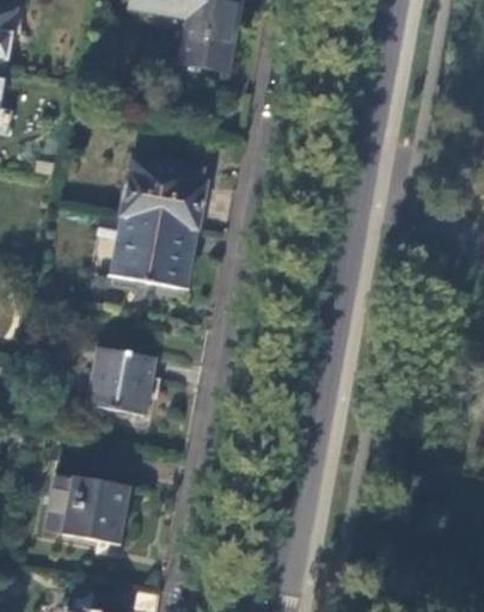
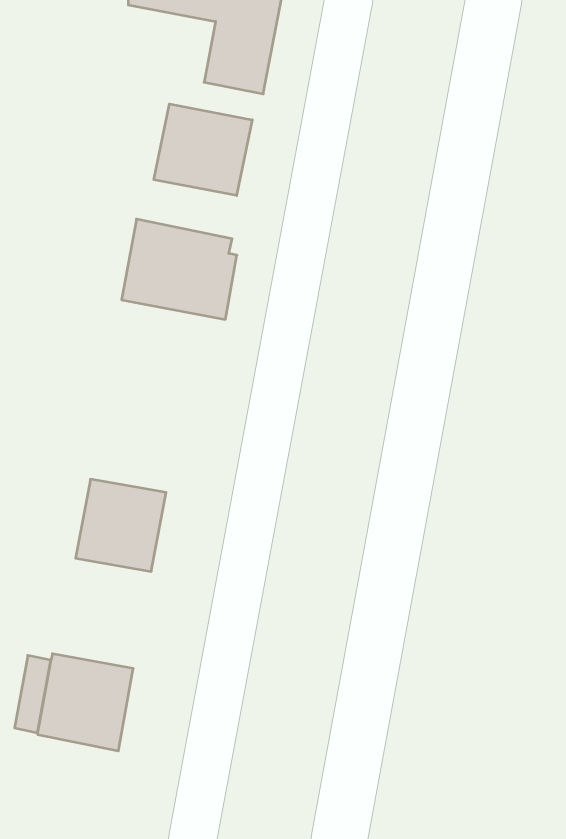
building: none -> [154,104,252,196]
building: [111,218,198,290] -> none

